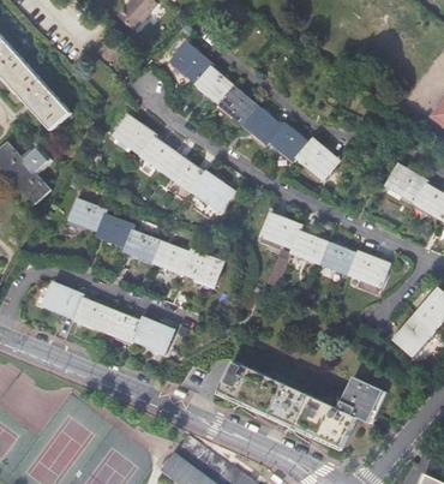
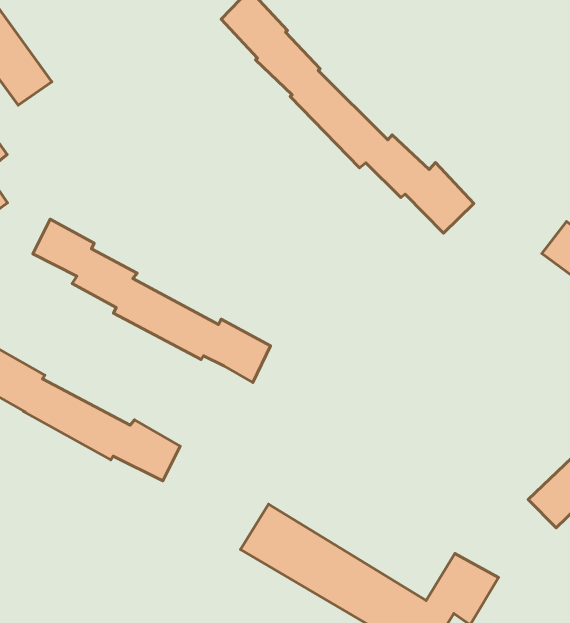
building: [114,115,235,211] -> none
building: [262,213,391,287] -> none

